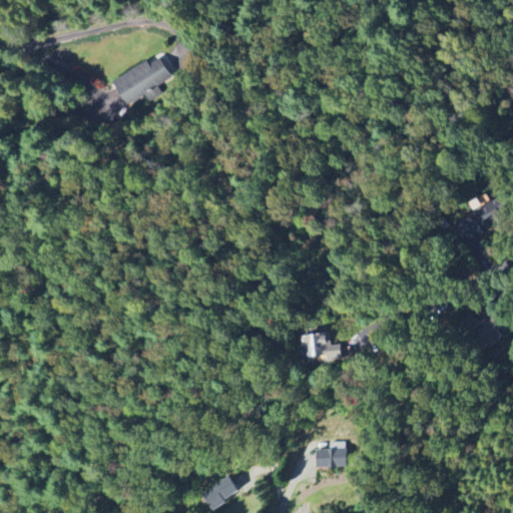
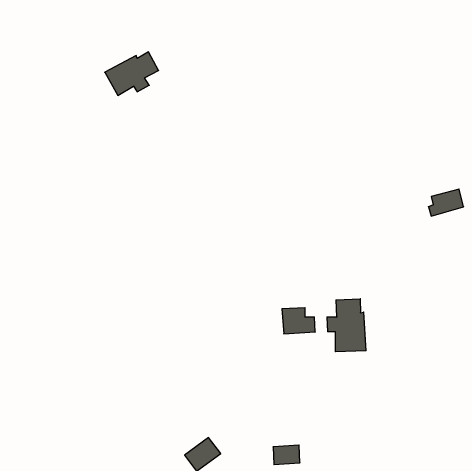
building: none -> [327,299,366,352]
building: [317,446,346,467] -> [273,445,300,465]

